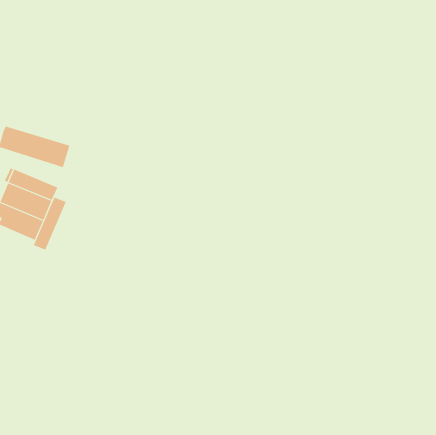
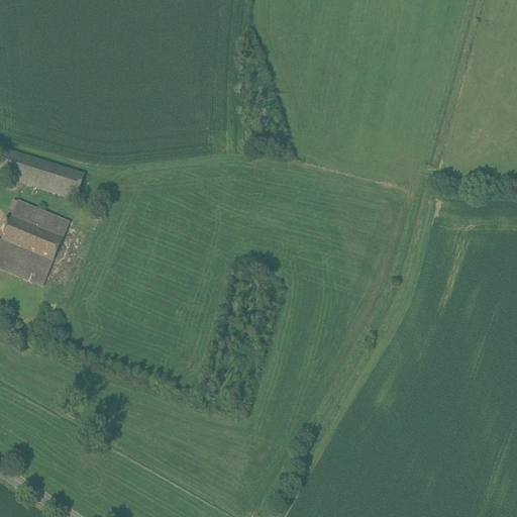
building: [33,197,66,251] -> none

